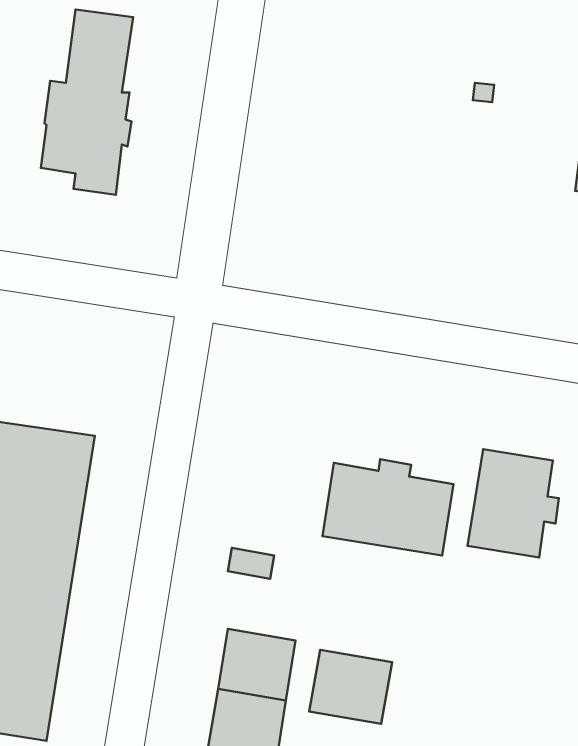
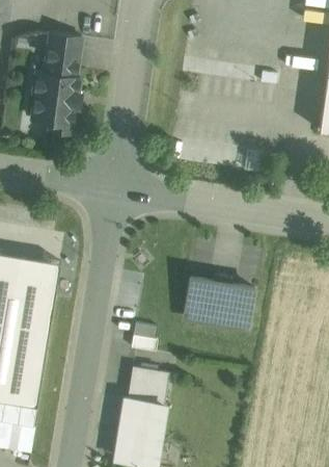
building: [467,449,559,558] -> none
building: [309,650,392,724] -> none

